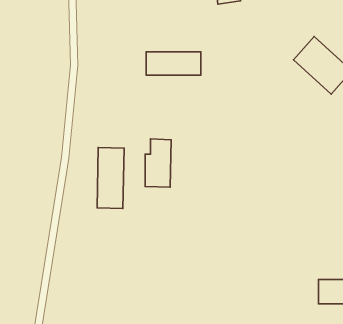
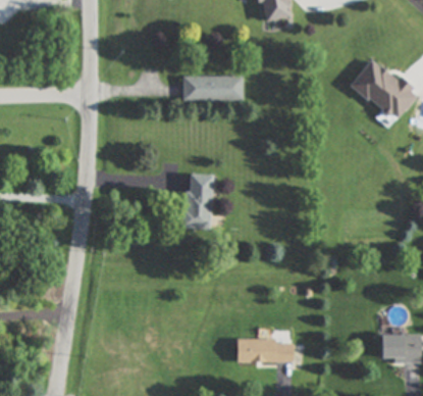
building: [97,148,124,208] -> none
building: none -> [236,338,294,361]

